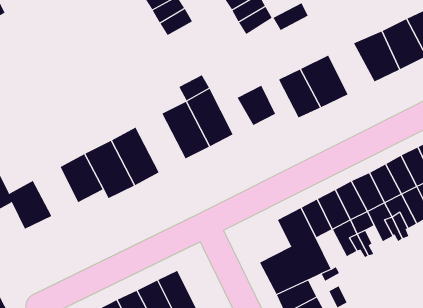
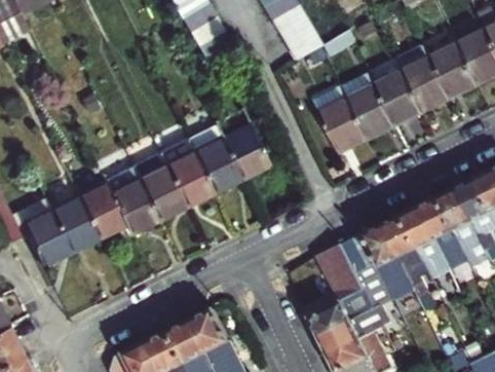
building: none -> [375,66,424,121]
building: [237,85,276,126] -> none
building: none -> [166,142,220,206]
building: none -> [55,199,104,253]

